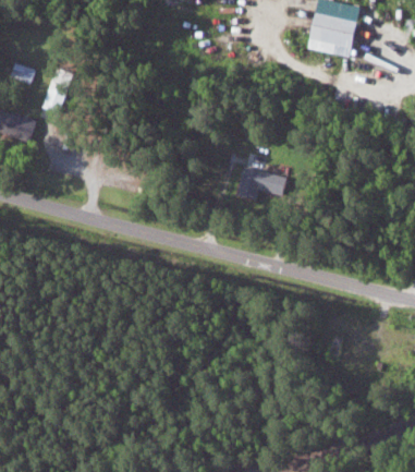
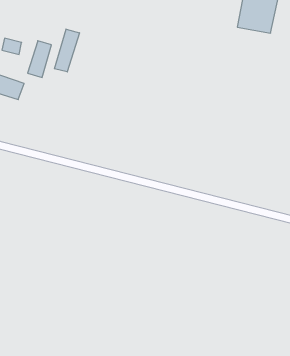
building: none -> [54,29,79,72]
building: [234,165,286,201] -> none

